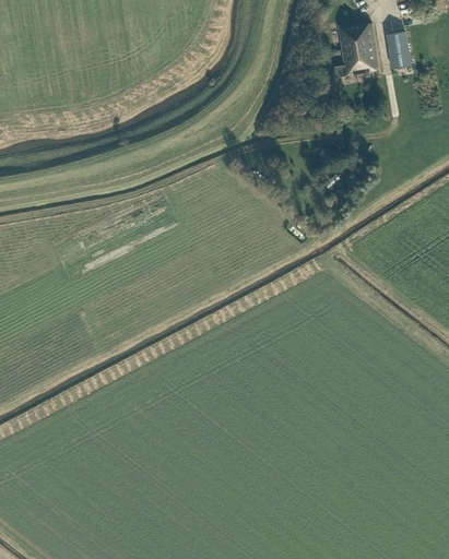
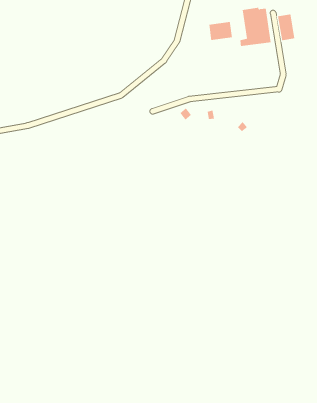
building: none -> [209,21,232,41]

